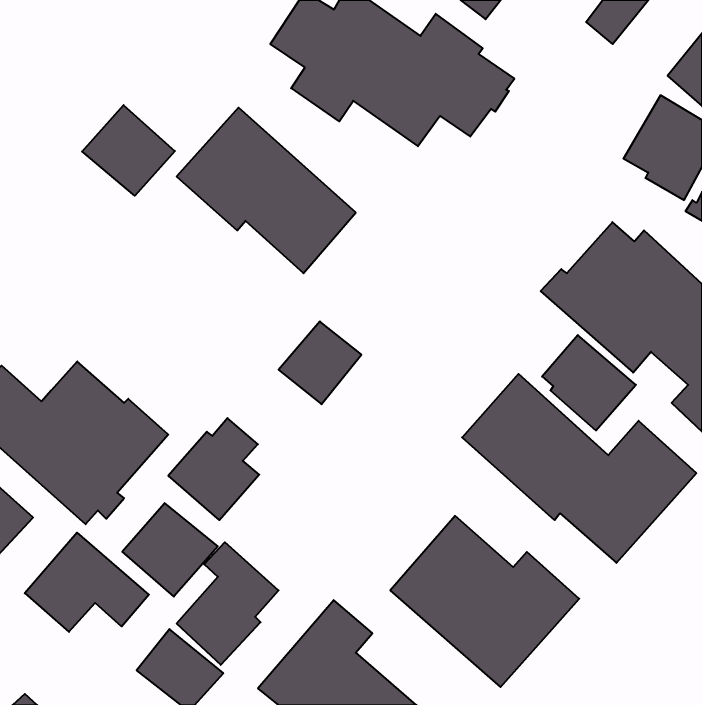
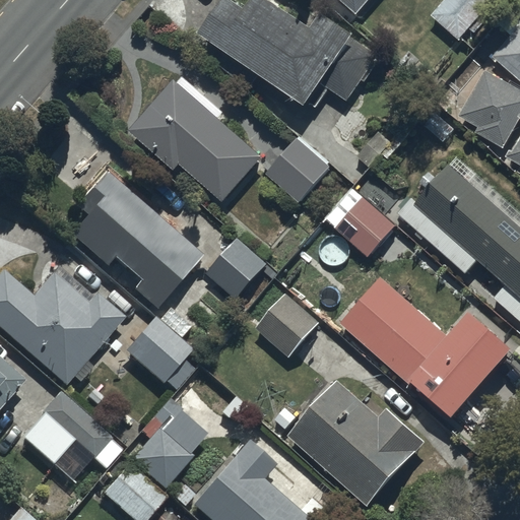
building: [82,105,175,196] -> none
building: none -> [264,136,332,204]
building: none -> [68,172,202,310]
building: [542,335,636,430] -> [326,188,395,258]
building: none -> [255,292,318,355]
building: [122,503,218,597] -> none

